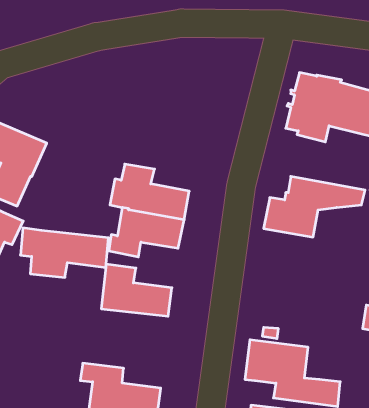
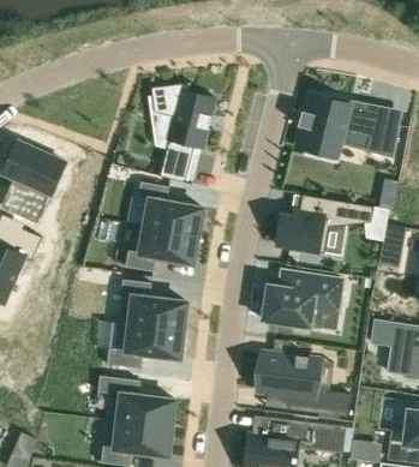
building: none -> [151,83,215,184]
building: [20,228,108,277] -> [97,321,182,369]
building: none -> [259,270,343,329]

